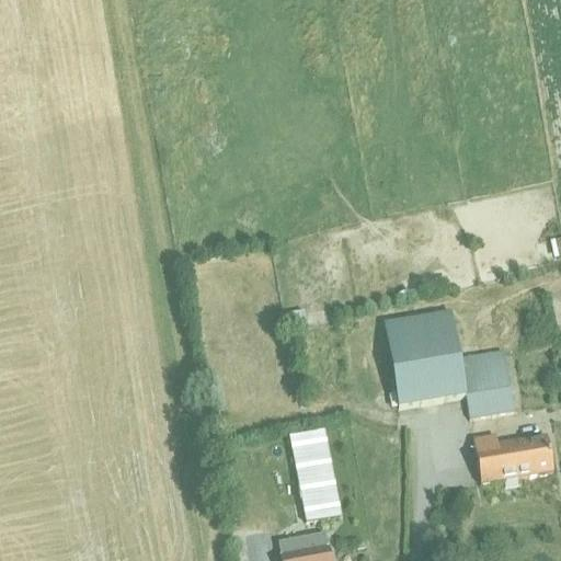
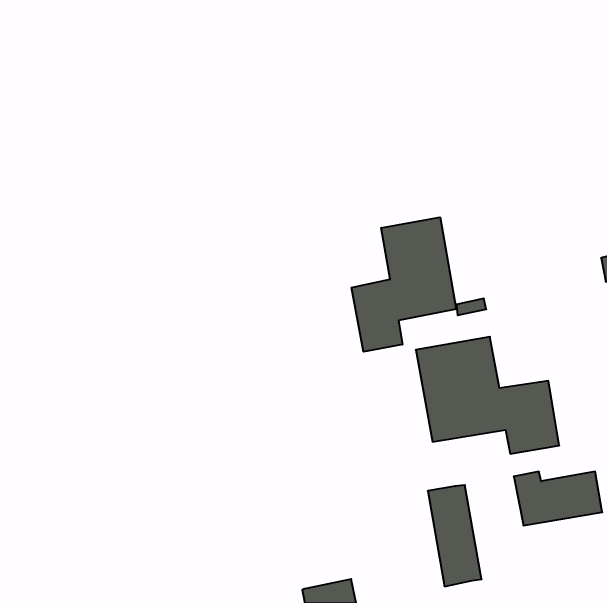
building: none -> [352,217,456,352]
building: [291,427,341,520] -> [428,485,482,586]

